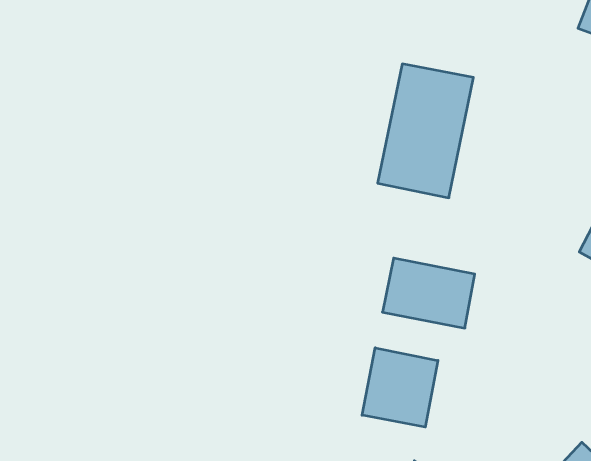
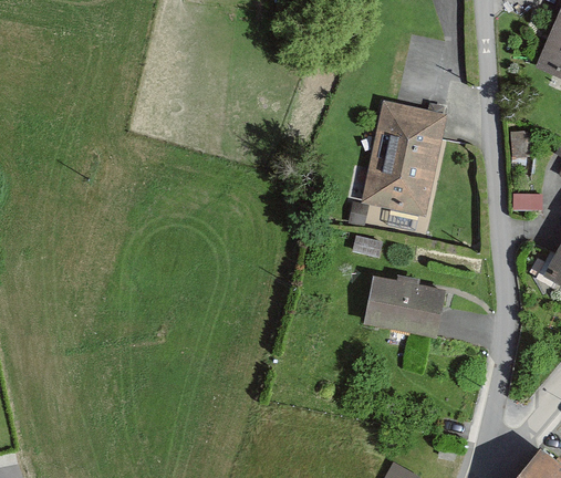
building: [362,348,438,427] -> none

